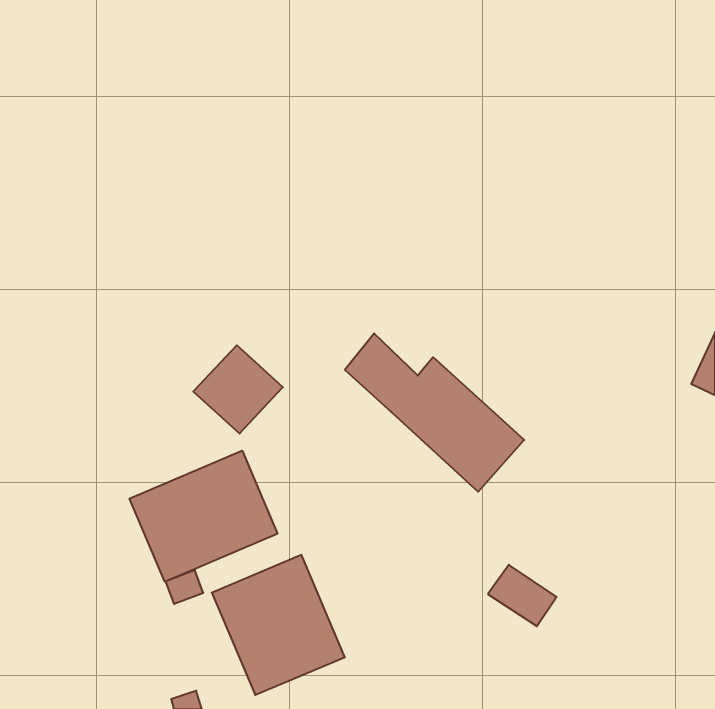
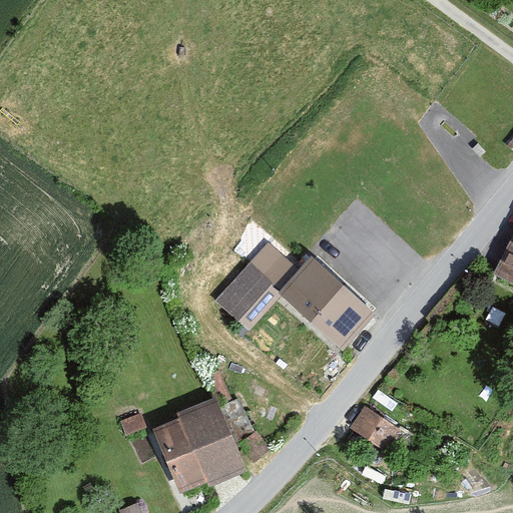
building: [193,345,283,434] -> [215,265,280,328]
building: [130,451,277,582] -> none

